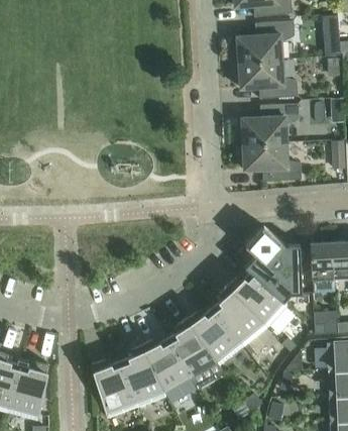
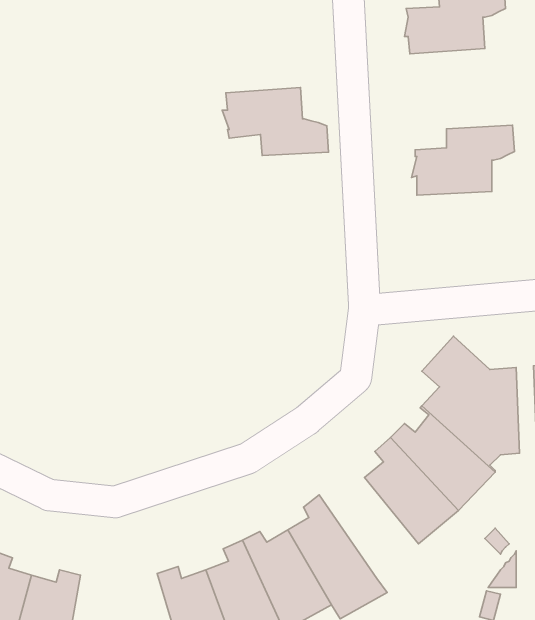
building: [237,60,299,99] -> [222,88,329,156]
building: [241,142,302,181] -> none
building: [187,308,244,366] -> none

